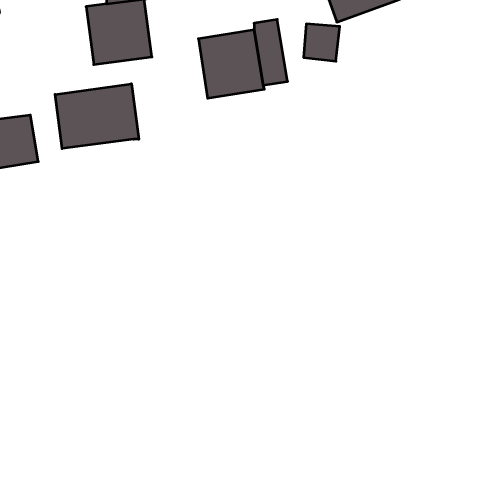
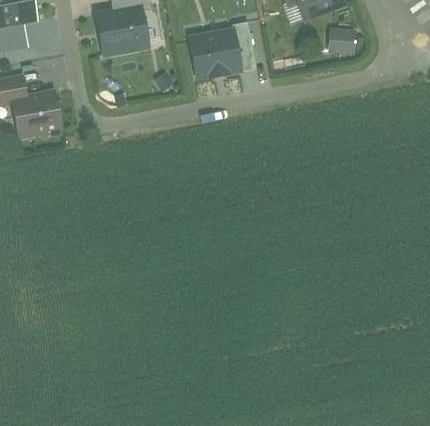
building: [304,24,340,61] -> [326,25,354,54]
building: [55,84,139,149] -> none

